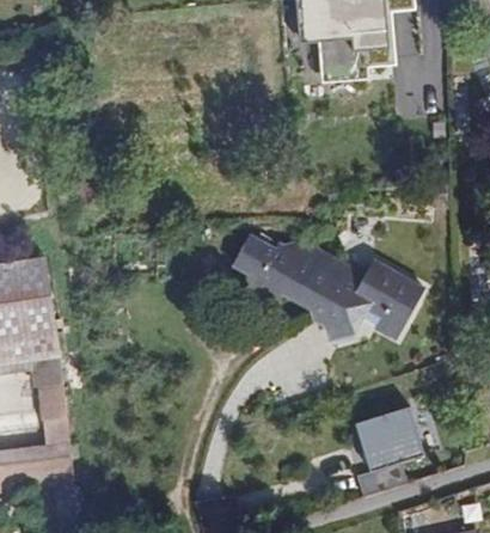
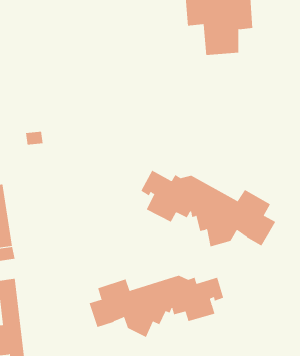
building: none -> [89,275,224,338]
building: [353,403,423,468] -> none

